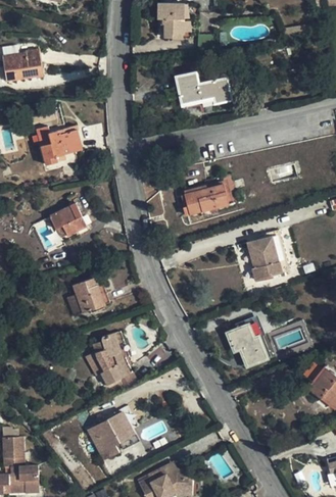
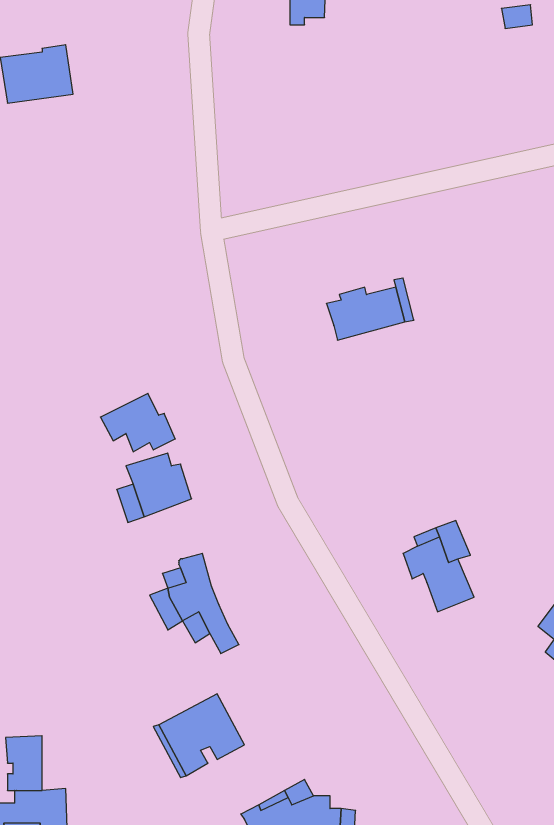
building: [175,72,231,104] -> none
building: [40,130,82,165] -> none
building: [48,203,90,236] -> [100,393,175,452]
building: [246,230,289,281] -> none

